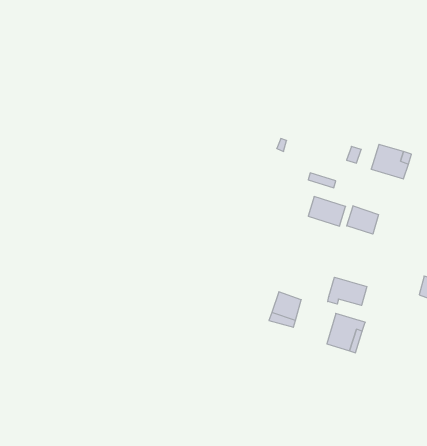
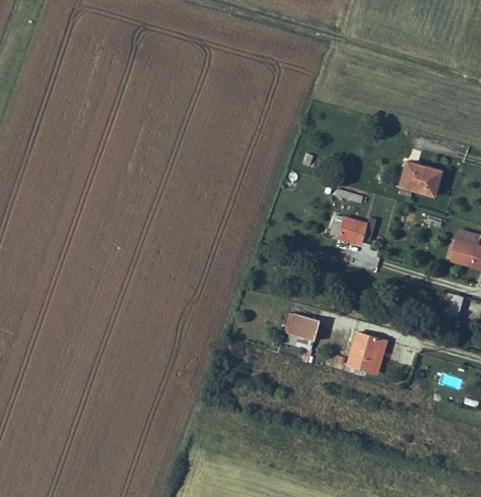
building: [347,206,378,234] -> none
building: [328,277,367,305] -> none

